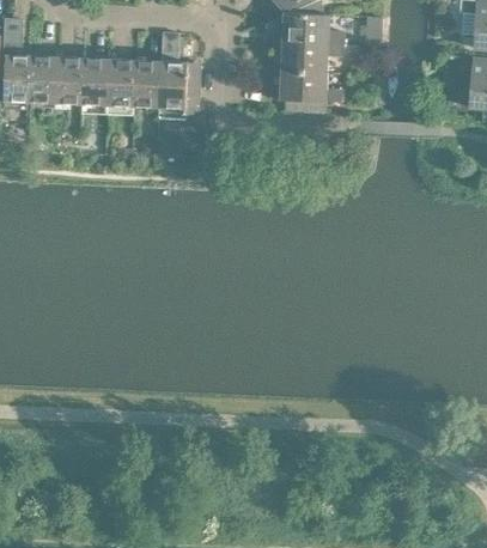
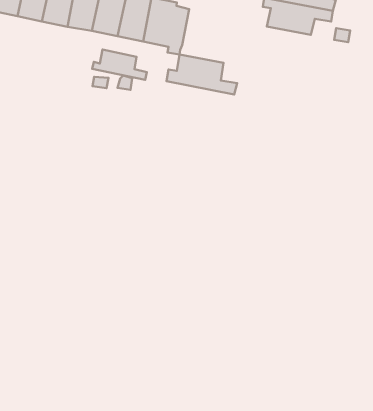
building: [270,71,341,102] -> [167,54,237,95]
building: none -> [92,49,147,80]

